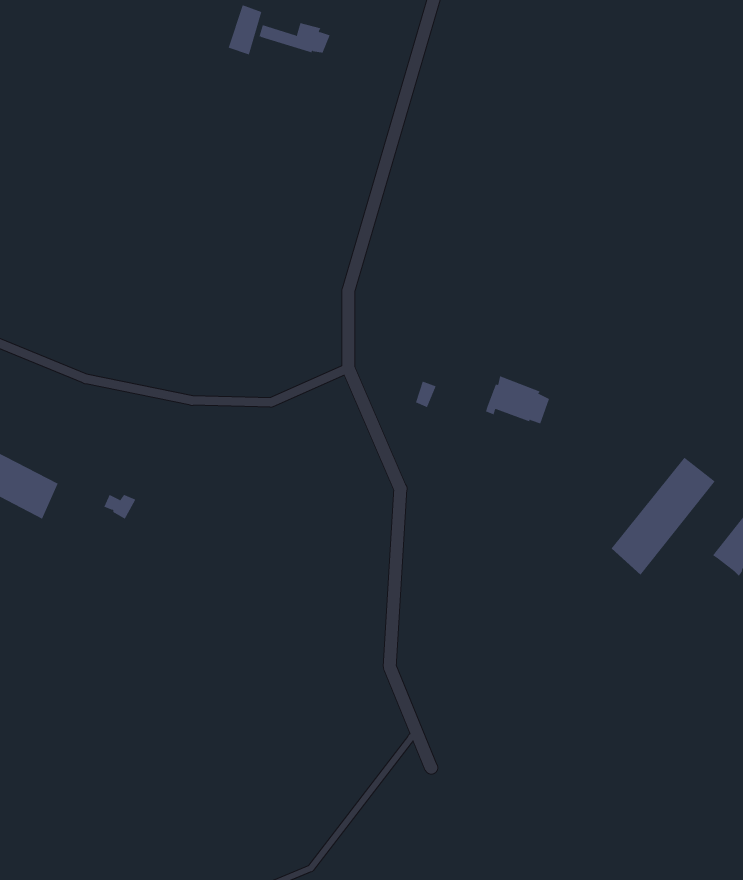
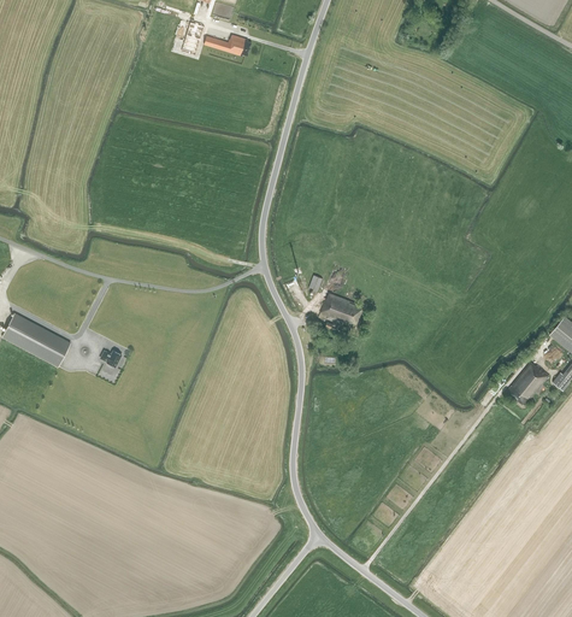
building: [485,375,550,424] -> [319,292,362,324]
building: [611,457,715,576] -> none

